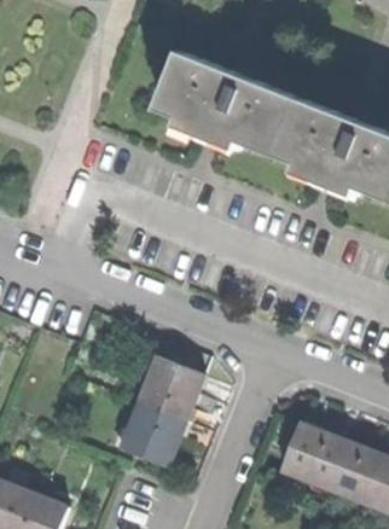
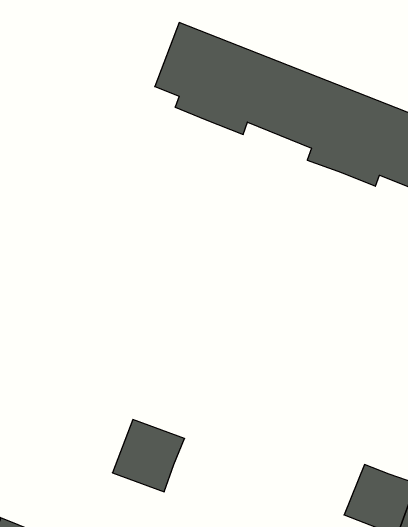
building: [135,357,197,419] -> none
building: [278,424,341,487] -> none

